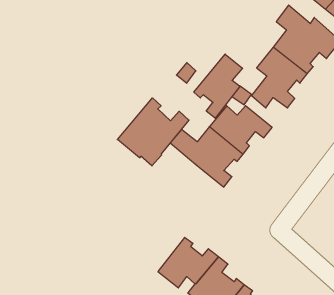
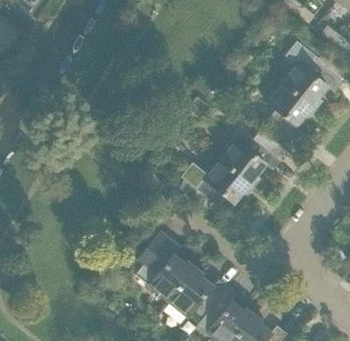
building: [194,54,243,118] -> none
building: [117,98,189,166] -> none
building: none -> [135,231,195,301]

